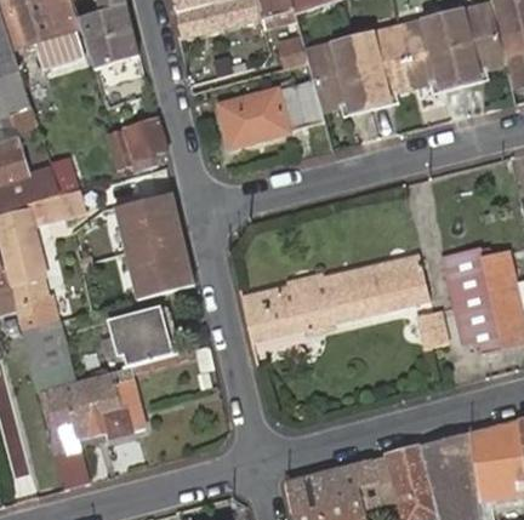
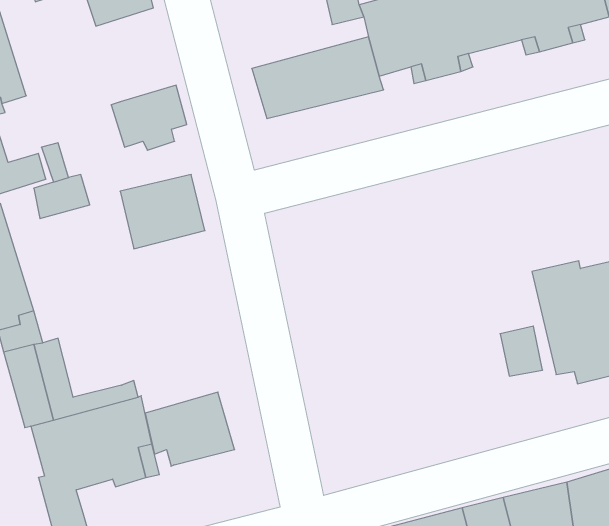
building: [125,233,193,293] -> none
building: [241,250,429,341] -> none
building: [108,307,180,366] -> [145,392,235,466]

